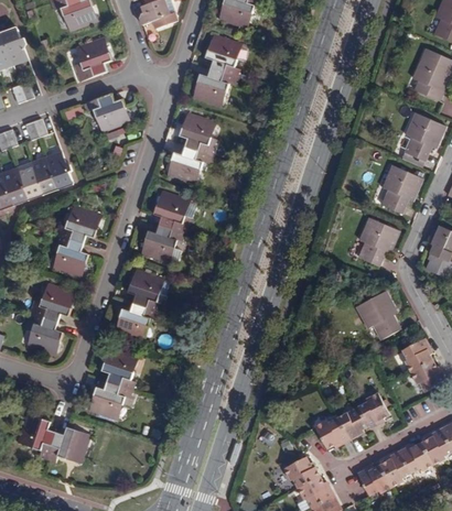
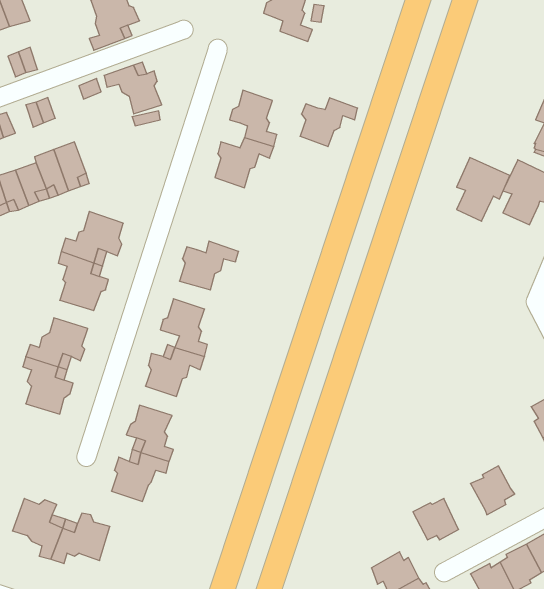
building: [193,69,236,106] -> [300,98,358,147]
building: [151,191,186,233] -> none
building: [358,219,398,267] -> [457,158,510,221]
building: [356,292,399,339] -> none
building: [337,406,368,441] -> none

